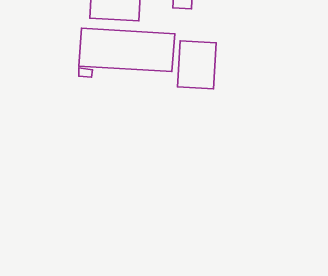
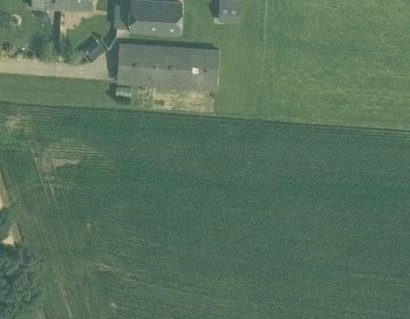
building: [177,41,216,89] -> none

